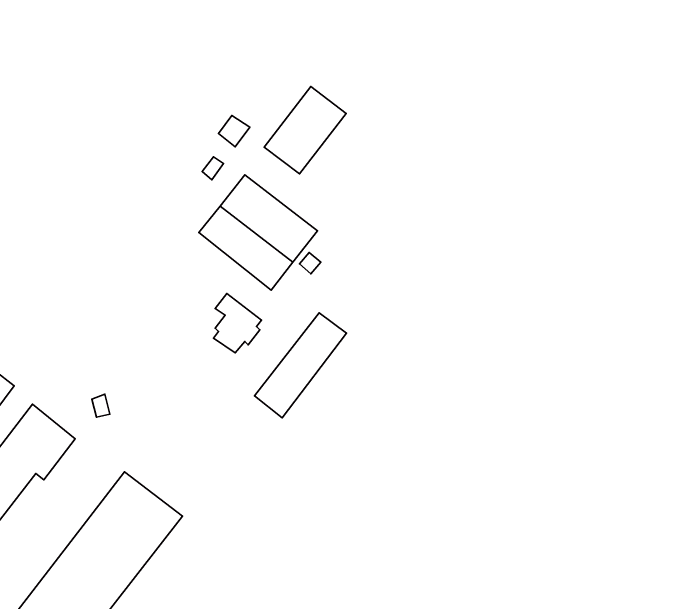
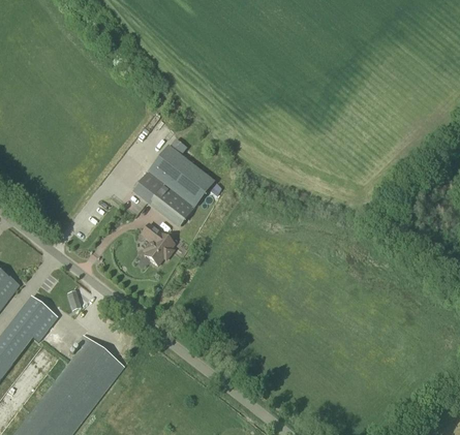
building: [264,87,346,174] -> none
building: [255,313,347,418] -> none

